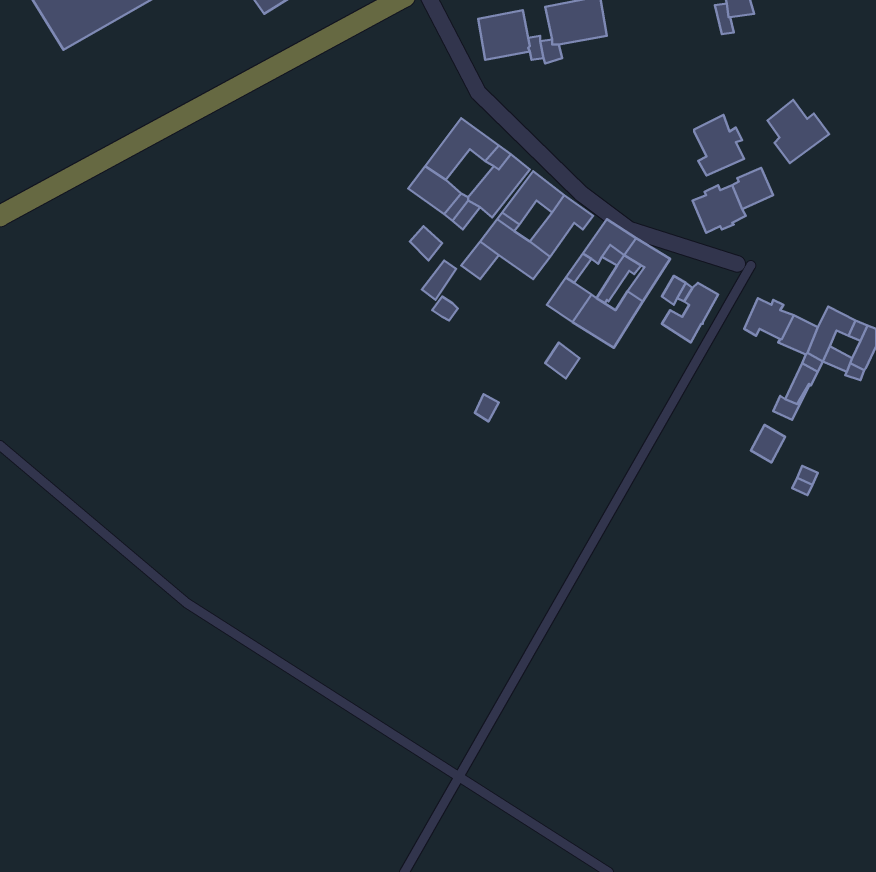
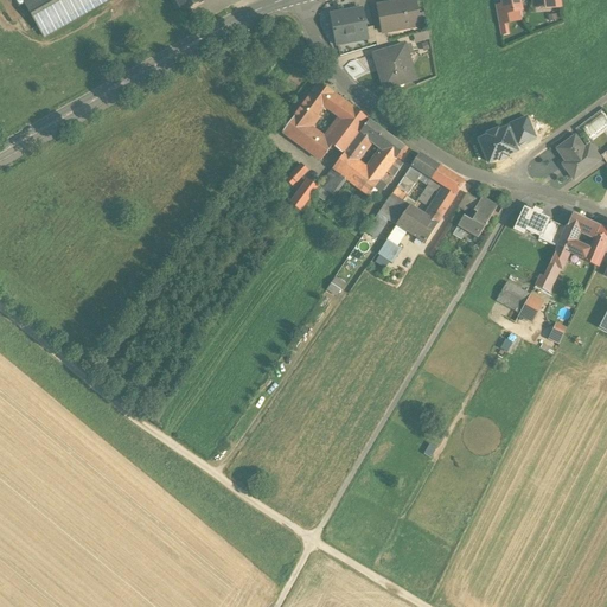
building: none -> [372,43,409,87]
building: [768,100,829,163] -> [557,134,600,178]
building: [694,115,744,175] -> none
building: none -> [496,281,529,312]

